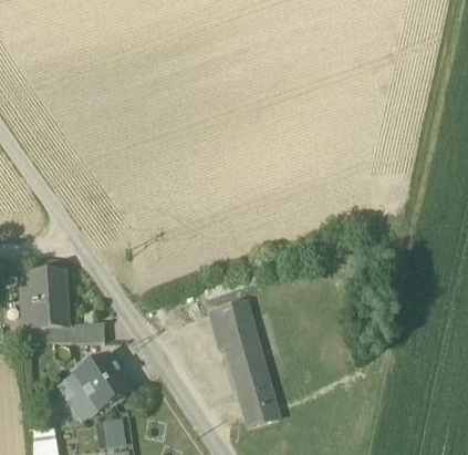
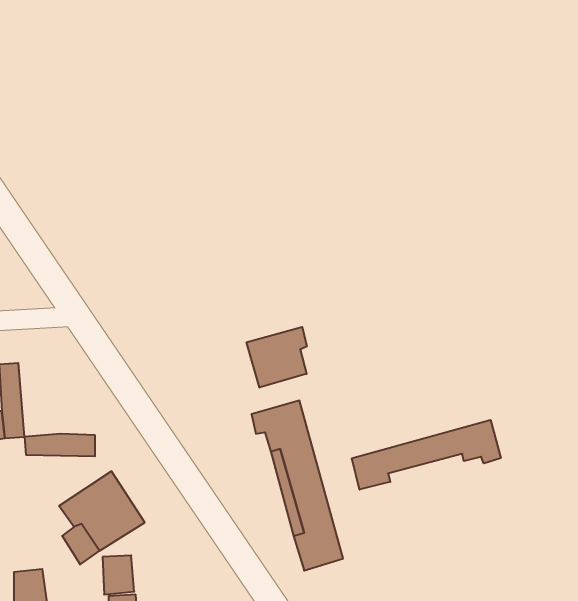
building: none -> [247,327,307,388]
building: [38,270,69,327] -> none
building: none -> [352,420,501,490]

